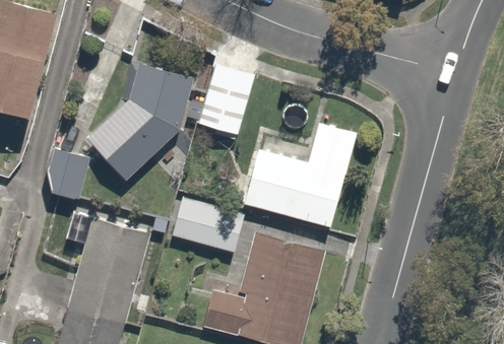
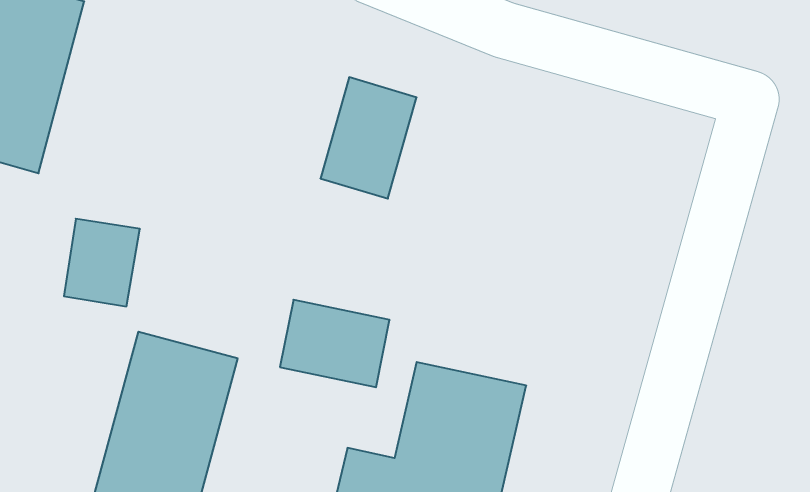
building: [86,61,193,182] -> none
building: [245,122,357,229] -> none

